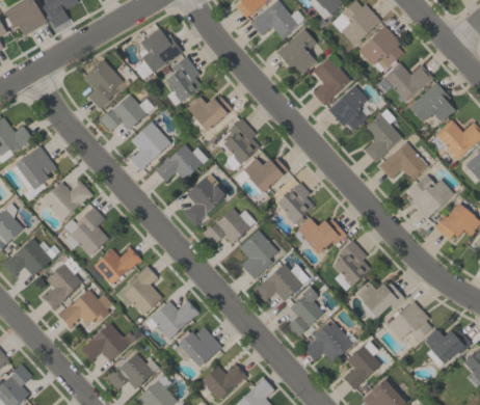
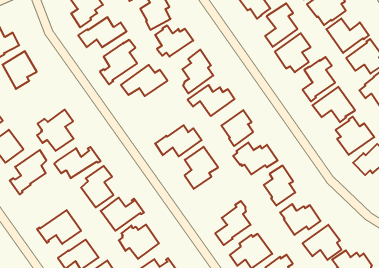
building: [183,173,225,227] -> none
building: [43,181,92,220] -> none
building: [254,263,311,303] -> none
building: [57,289,112,328] -> none

